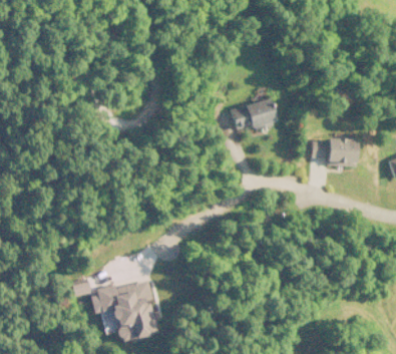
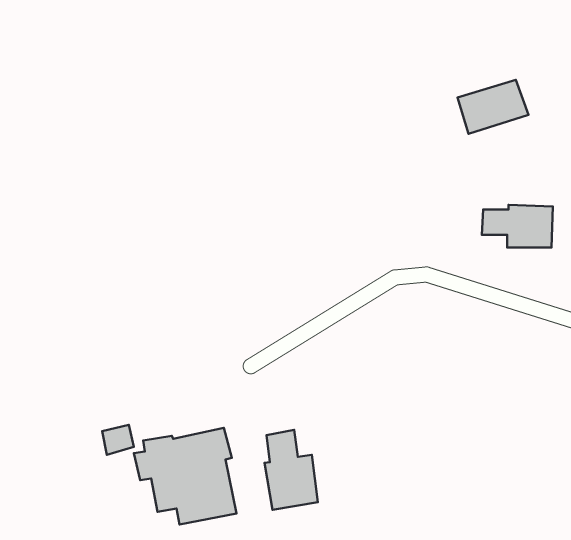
building: [233,98,278,132] -> [457,80,529,134]
building: none -> [265,430,318,510]

